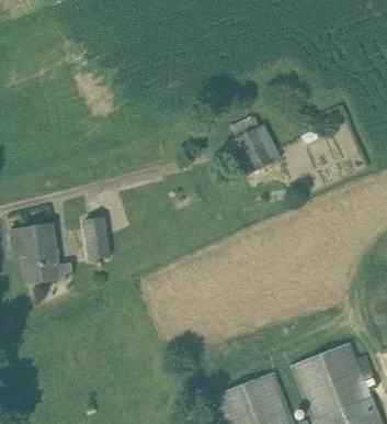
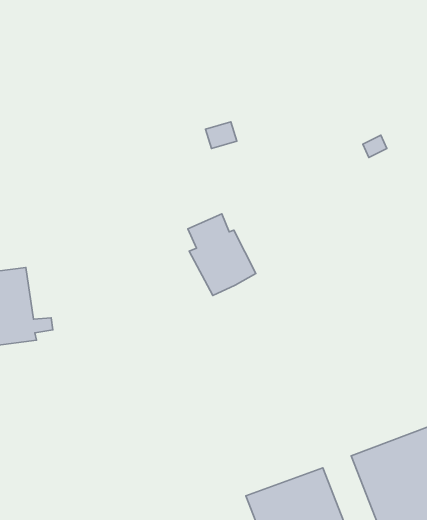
building: [229,113,280,174] -> [188,214,256,296]
building: [84,217,110,257] -> none

